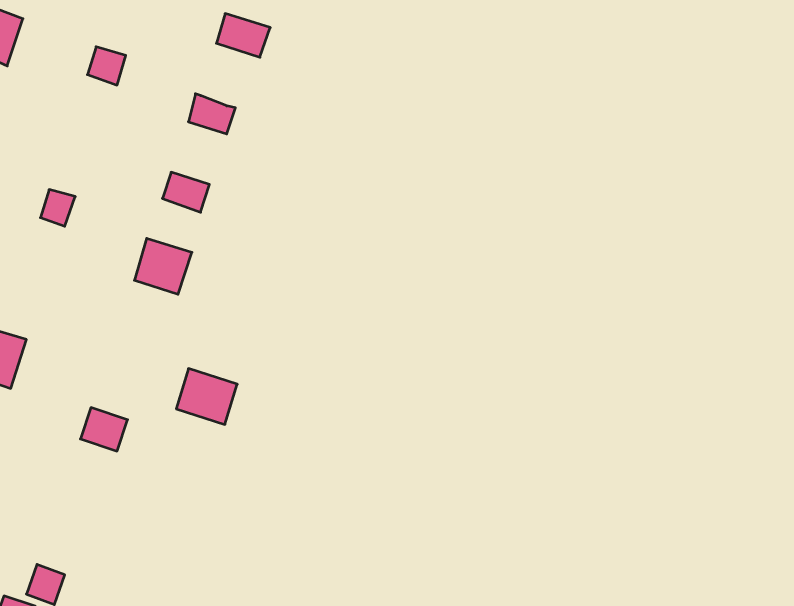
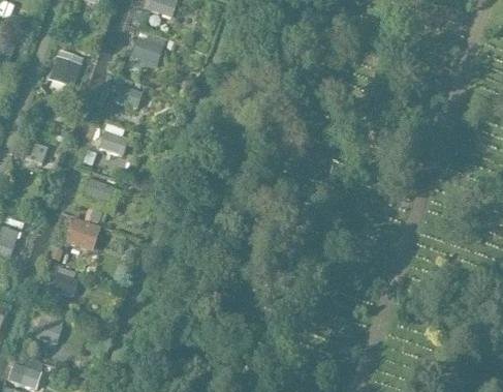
building: [176,369,237,424] -> [64,217,100,250]
building: none -> [34,311,65,342]

